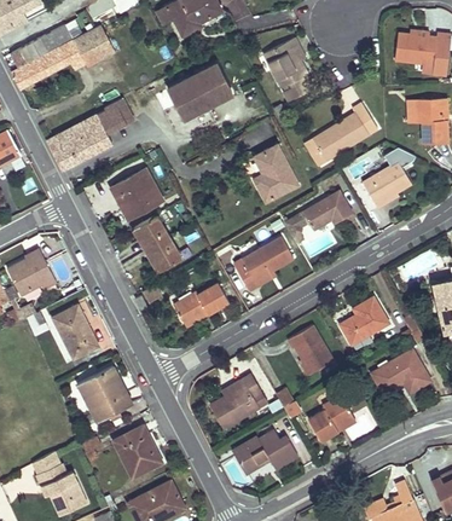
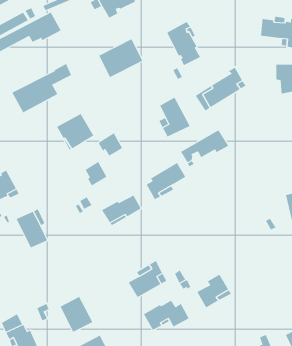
building: [361,147,415,209] -> none
building: [134,214,169,248] -> [98,133,123,157]
building: [338,297,388,345] -> none
building: [286,326,332,374] -> none
building: [371,351,429,395] -> none
building: [77,365,133,422] -> none

